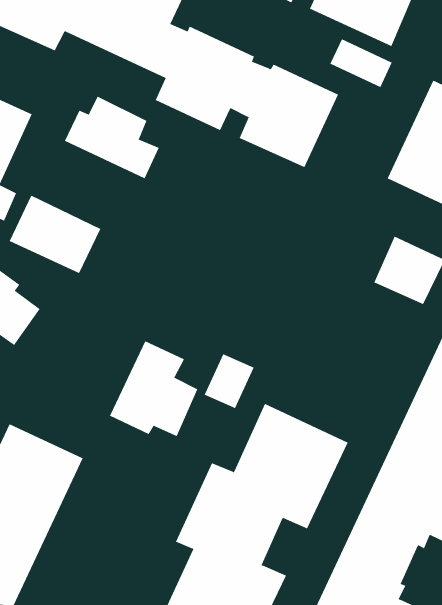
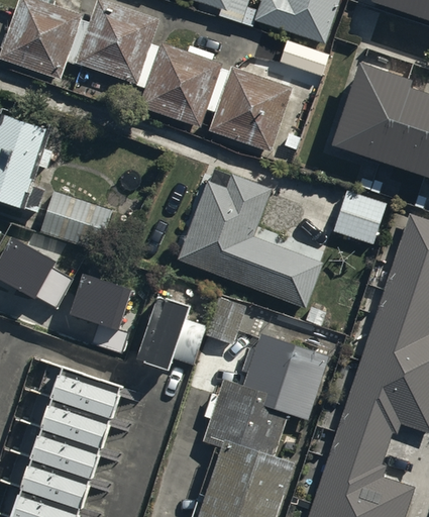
building: [64,96,160,179] -> none
building: none -> [177,165,324,307]
building: none -> [69,274,132,352]

